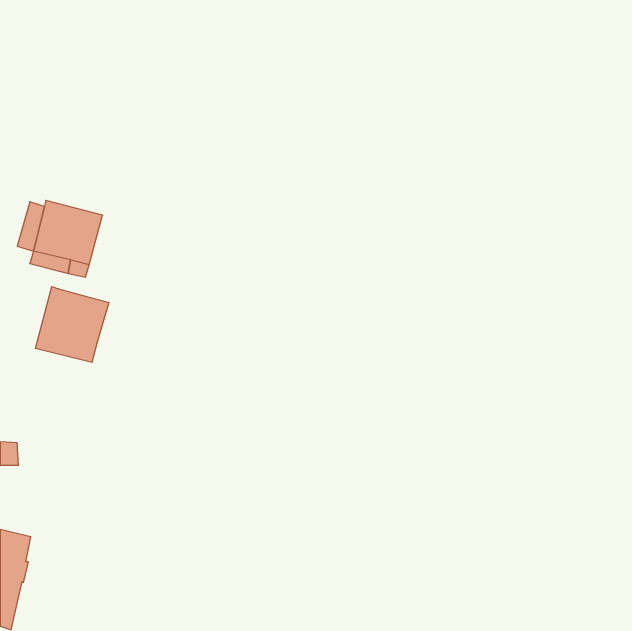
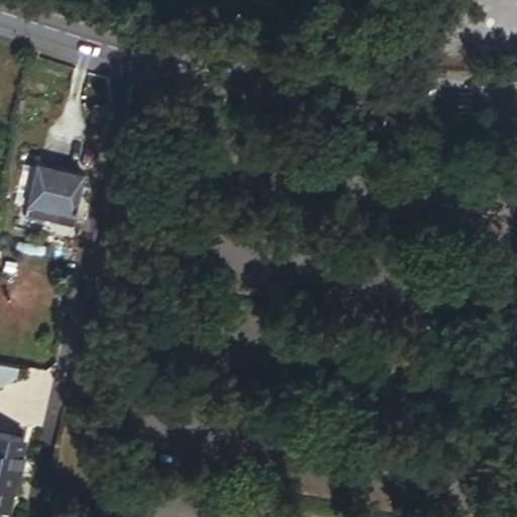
building: [36,287,109,362] -> none

